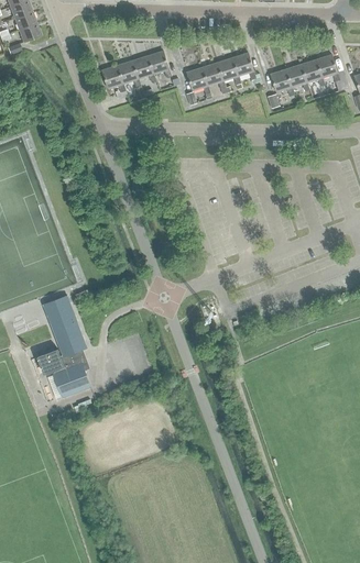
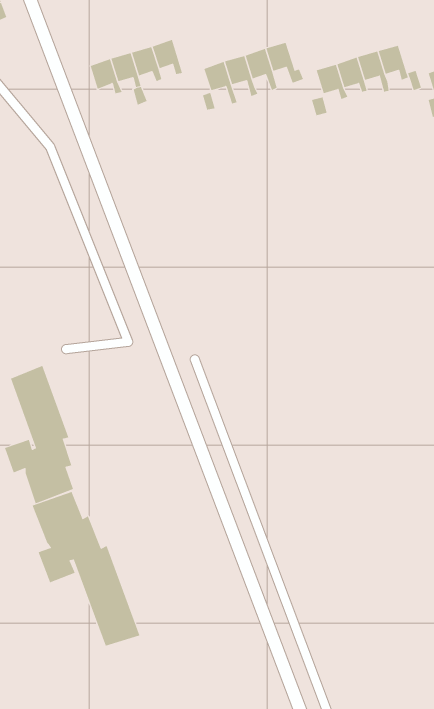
building: none -> [32,491,140,647]

